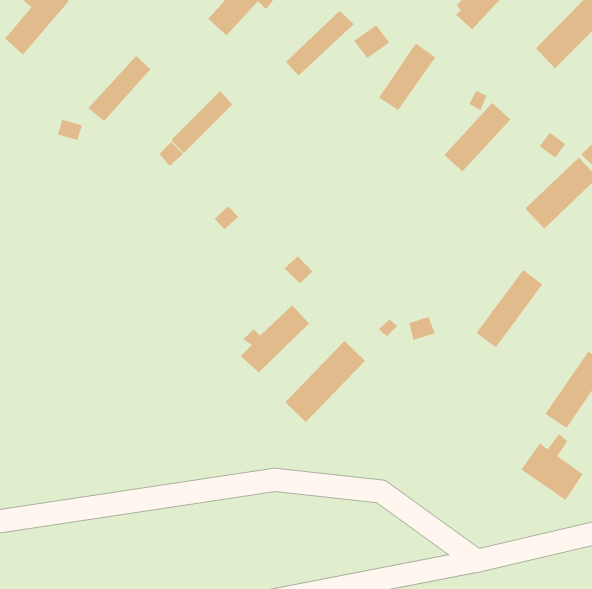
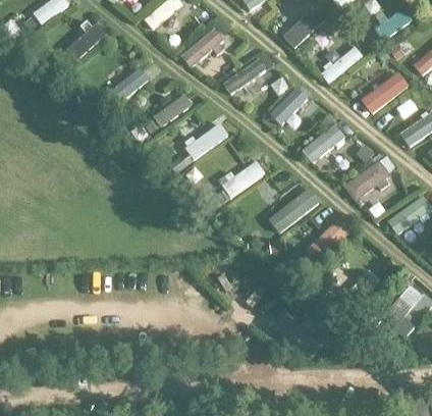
building: none -> [184,123,226,159]
building: [240,304,310,373] -> [221,161,263,197]
building: [284,340,366,423] -> [269,189,318,231]
building: [521,433,584,501] -> none

